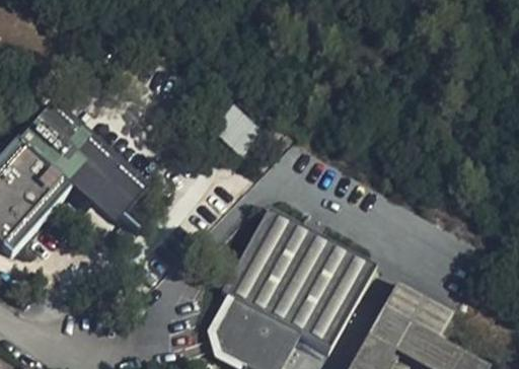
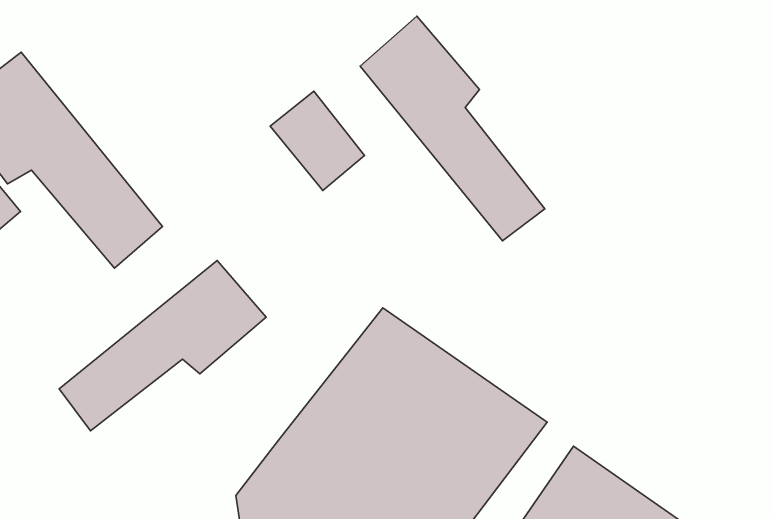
building: none -> [360,16,545,241]
building: none -> [59,260,266,431]

